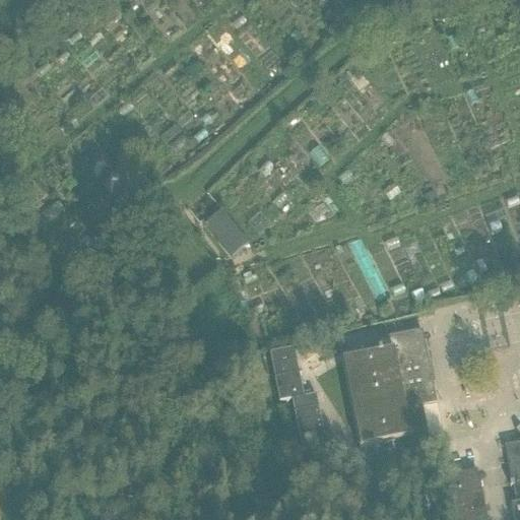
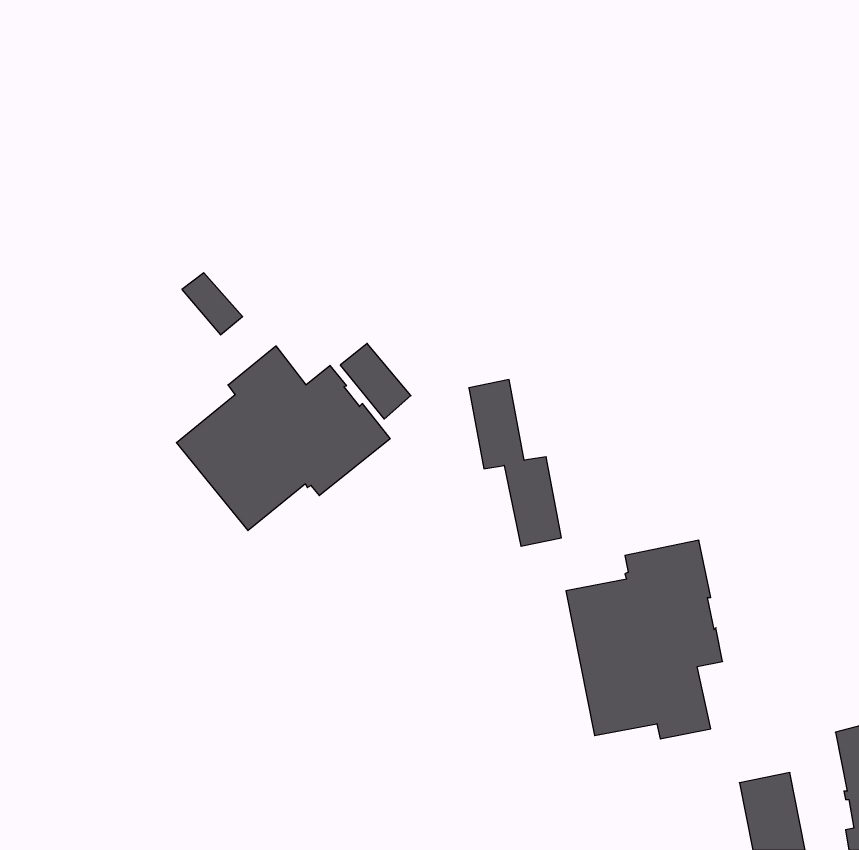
building: none -> [176,346,390,531]
building: [270,344,326,445] -> [469,380,561,546]

